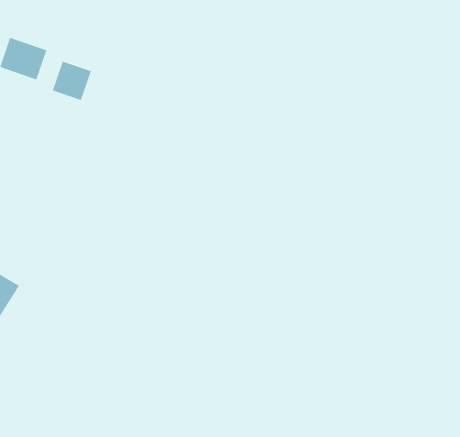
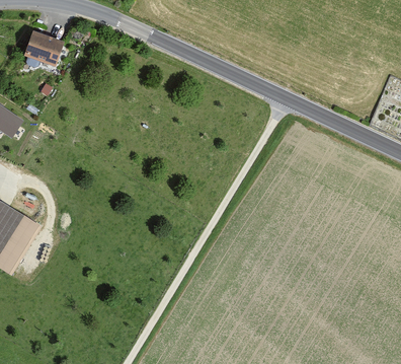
building: [52,61,92,101] -> none

